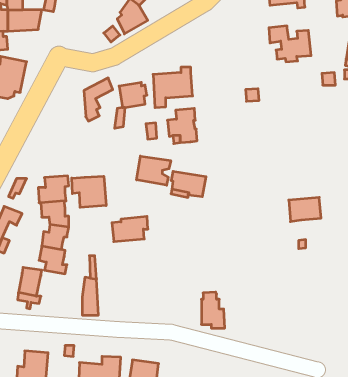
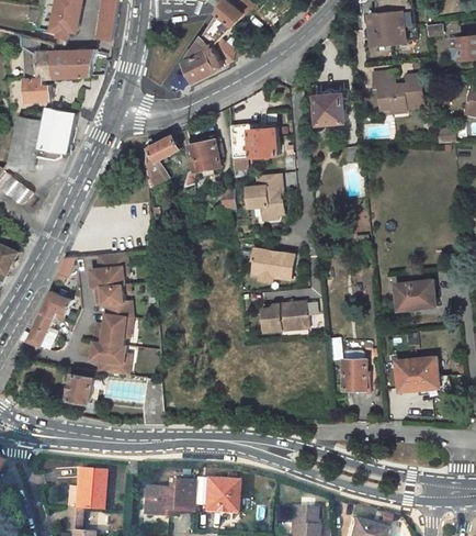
building: none -> [316,94,347,124]
building: [137,156,171,185] -> none
building: [72,176,106,207] -> none
building: [112,216,148,242] -> [262,301,306,332]
building: none -> [397,356,443,390]
building: [201,292,225,328] -> [344,349,373,393]

